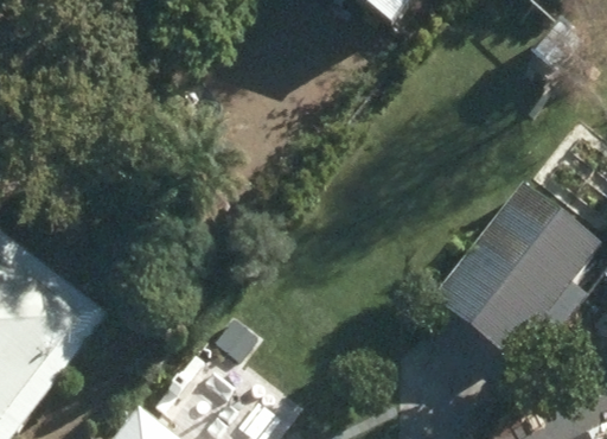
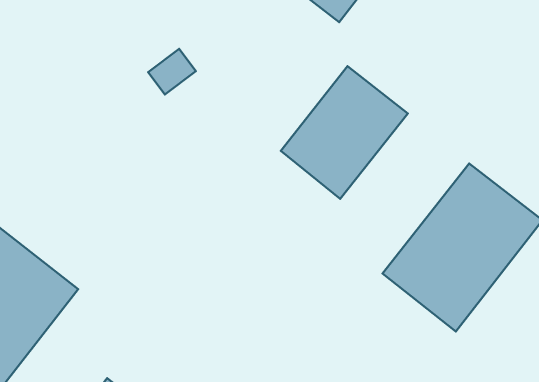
building: none -> [281,66,408,199]

